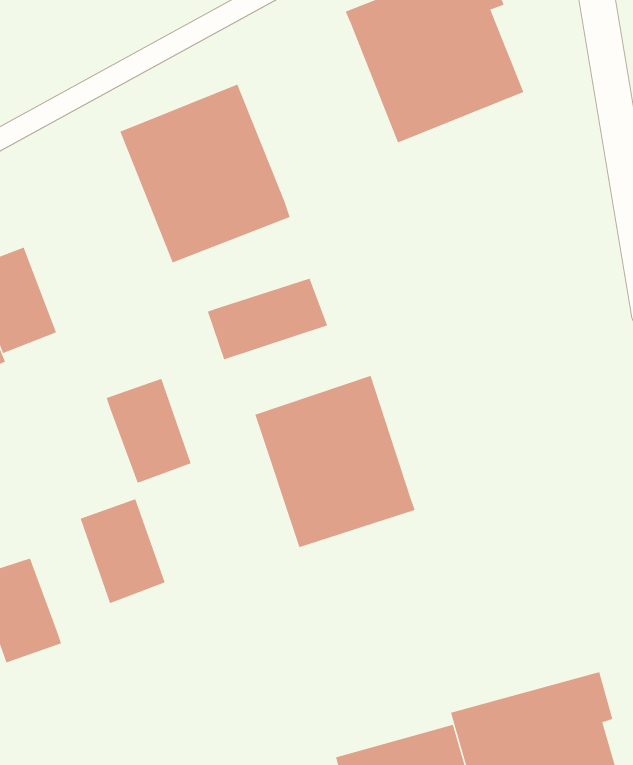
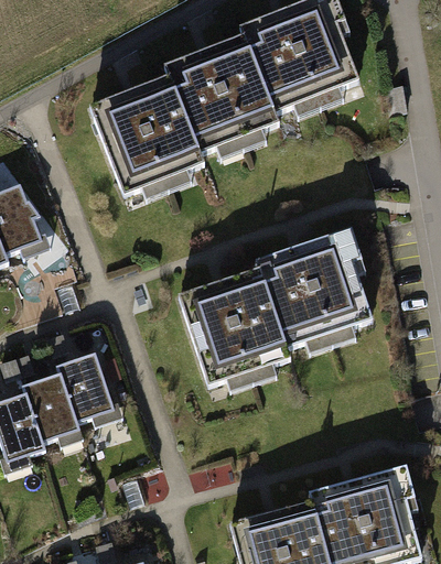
building: none -> [161,36,275,156]
building: [207,278,328,360] -> none
building: none -> [250,232,372,354]
building: [106,378,191,483] -> [23,375,80,445]

